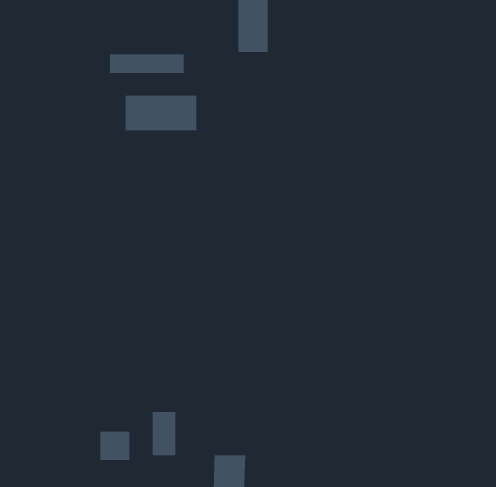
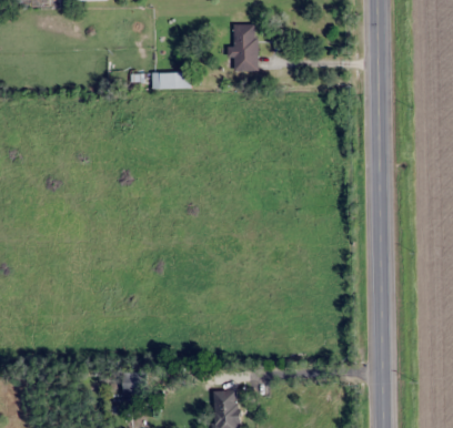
building: [125,95,197,131] -> none
building: [152,411,176,456] -> none

